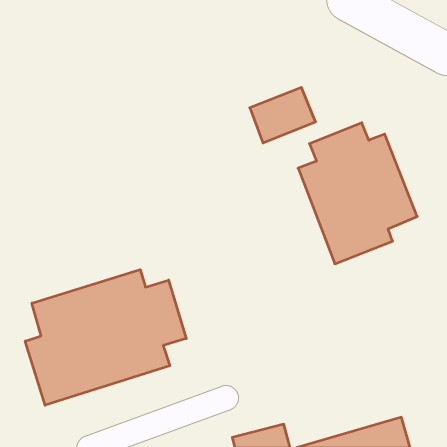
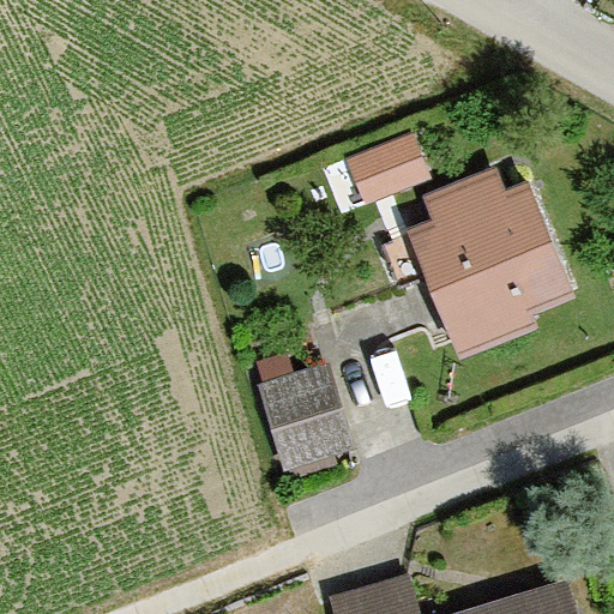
building: none -> [259,366,355,472]
building: [25,270,186,405] -> none

